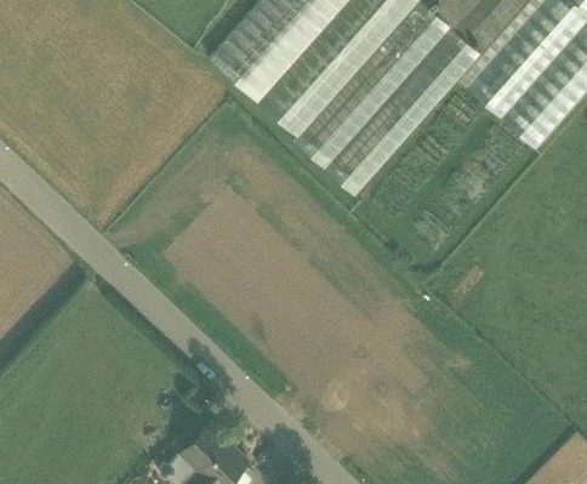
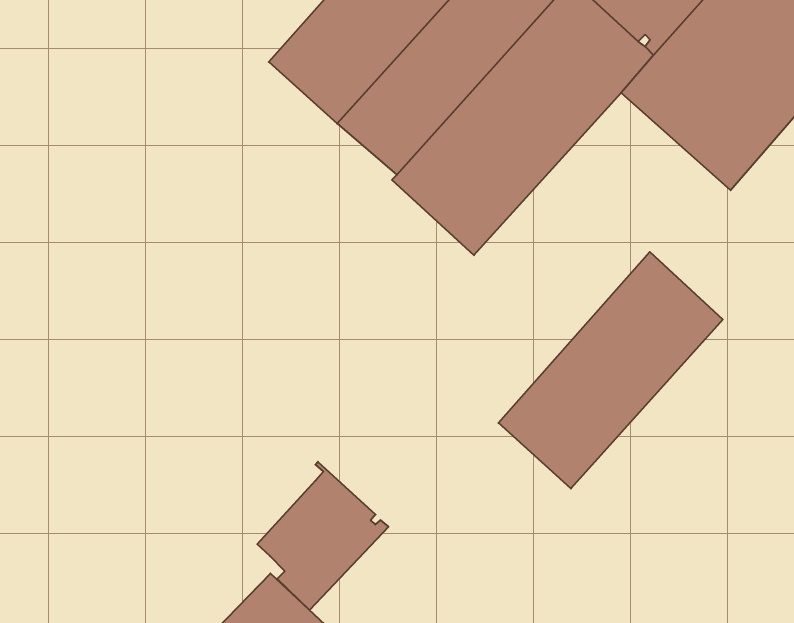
building: none -> [498,252,723,489]
building: none -> [257,462,388,610]

